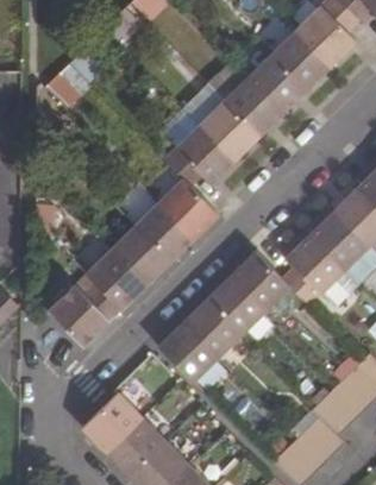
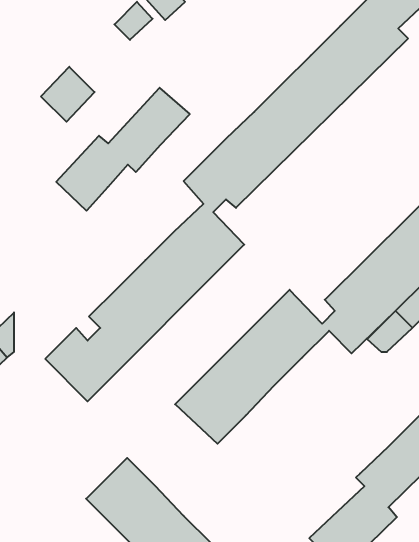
building: none -> [56,88,190,211]

